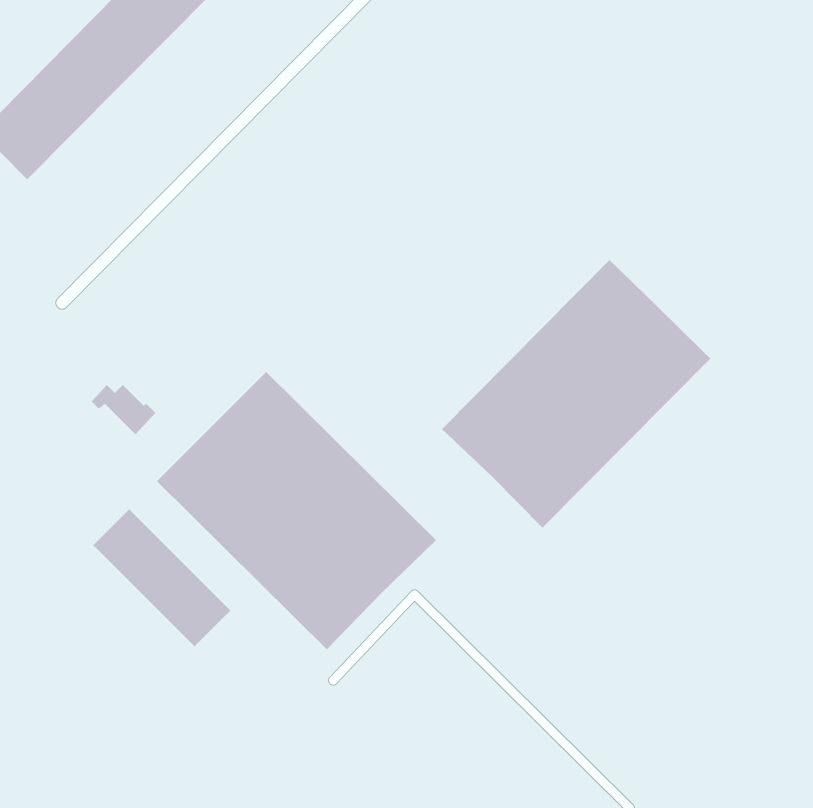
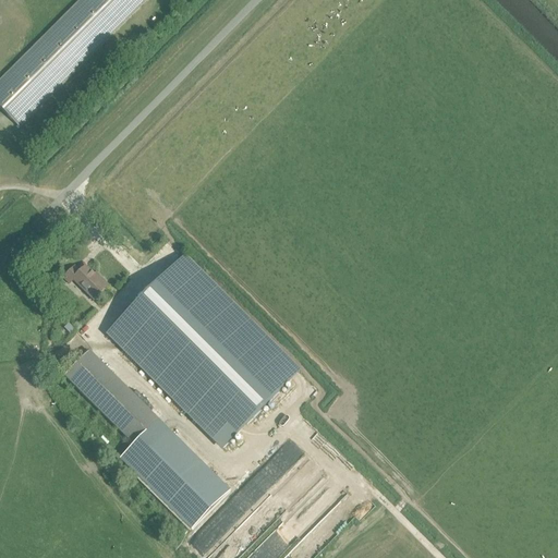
building: [441,259,711,528] -> none
building: none -> [119,417,229,527]

